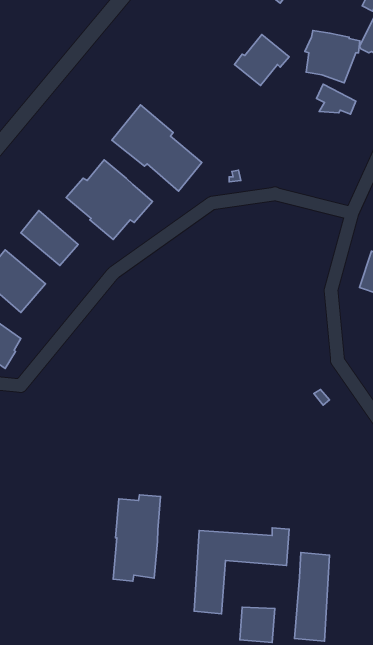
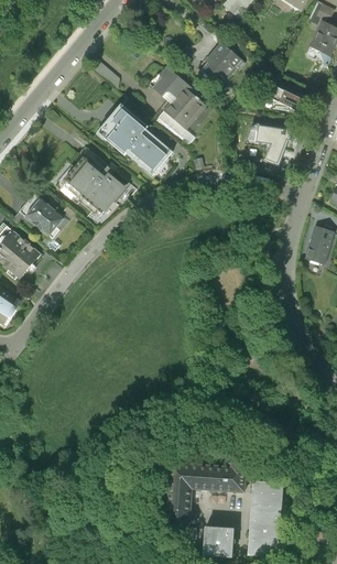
building: [305,31,360,83] -> [246,121,292,165]
building: none -> [154,66,205,128]
building: [113,495,160,581] -> none

